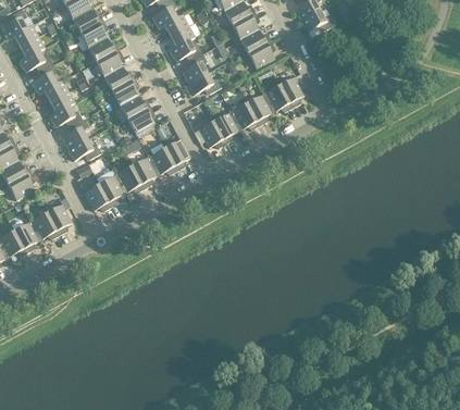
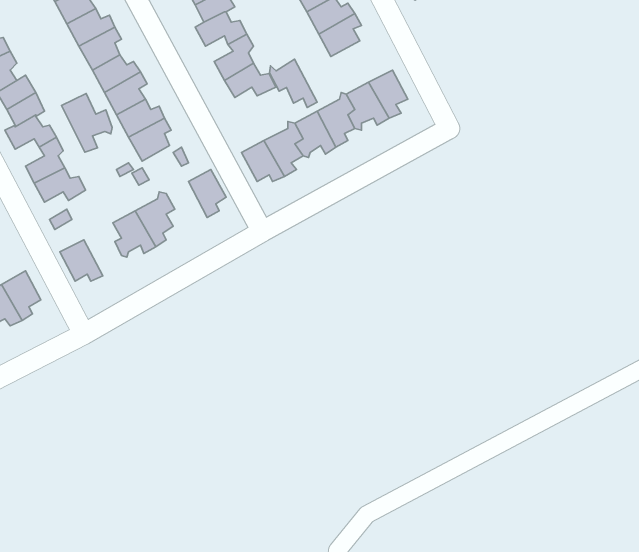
building: none -> [270,59,317,107]
building: none -> [62,94,112,152]
building: [150,147,176,176] -> none
building: [98,172,122,207] -> none

